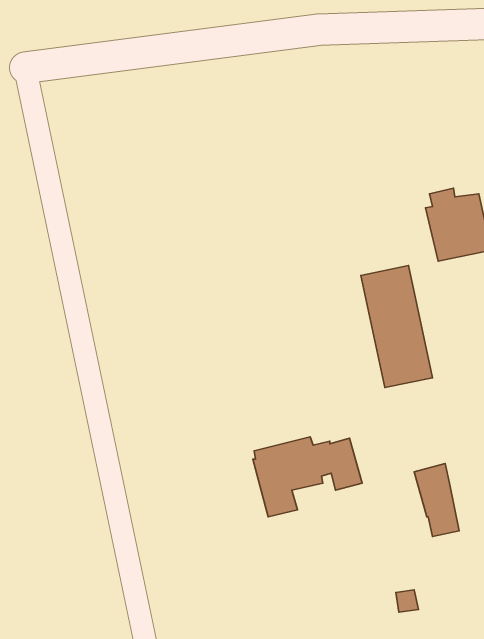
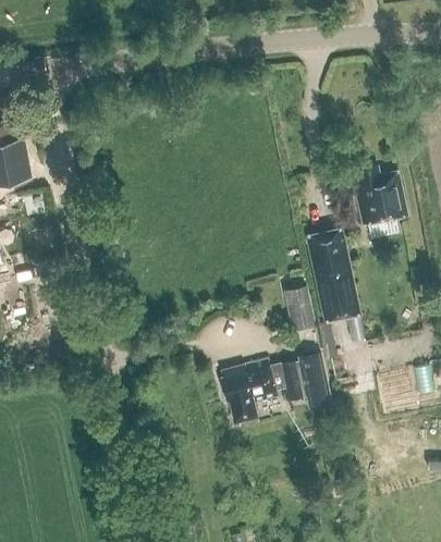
building: none -> [284,286,315,331]
building: [414,463,459,536] -> [297,353,332,409]

